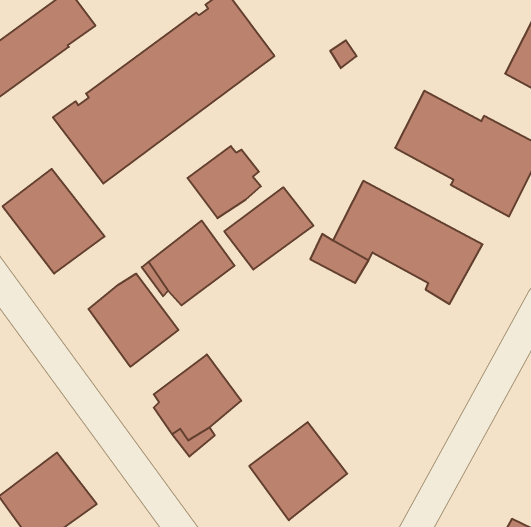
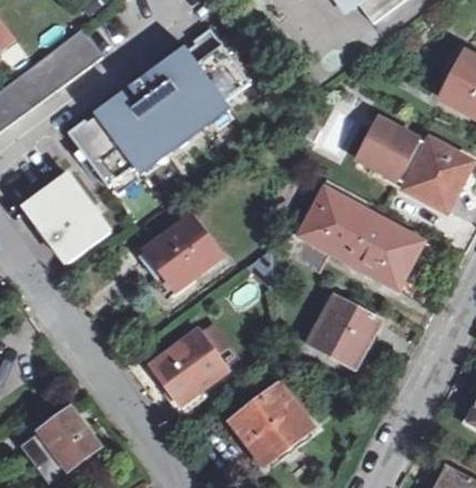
building: [187,146,261,218] -> none
building: [224,187,313,270] -> none
building: [88,274,178,367] -> none
building: none -> [307,291,386,367]

